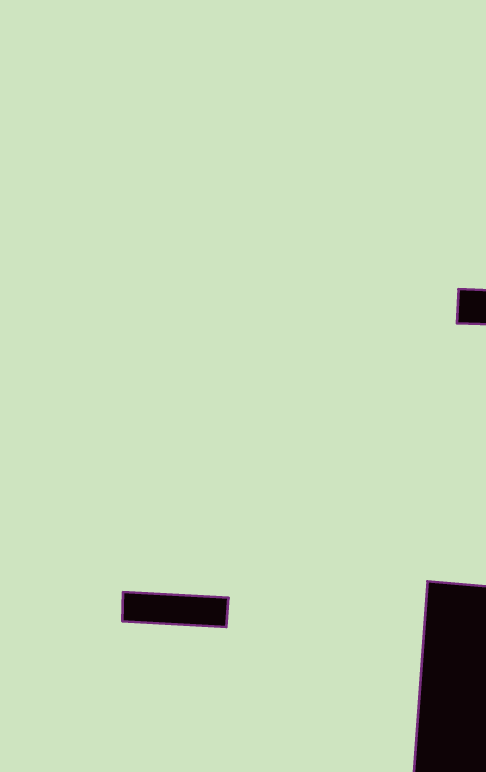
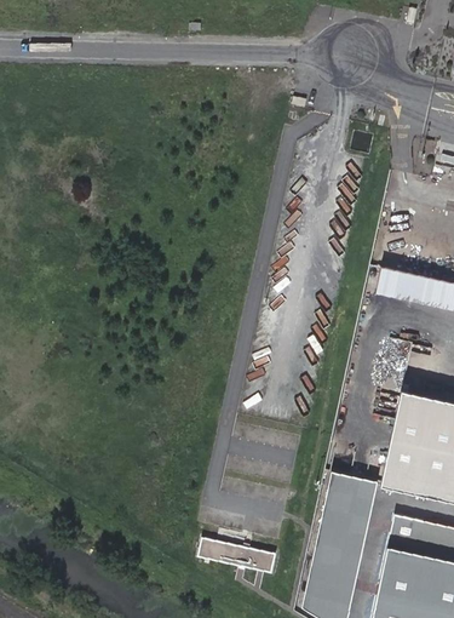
building: [122,592,229,627] -> [200,537,278,573]

